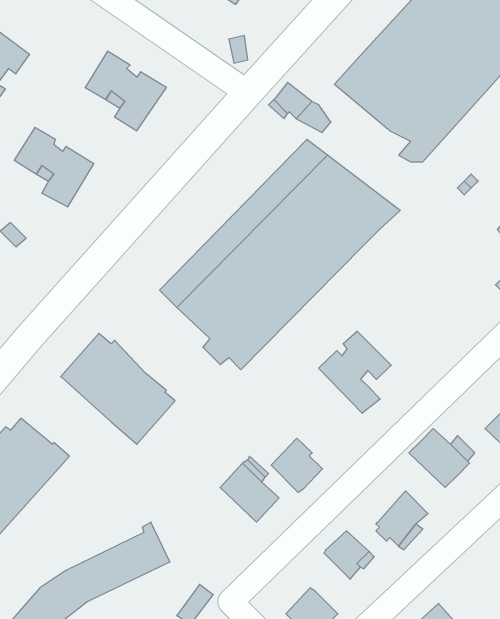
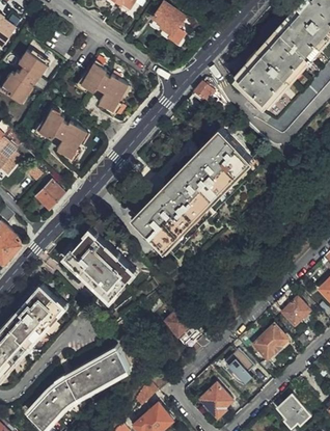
building: none -> [34,180,63,209]
building: [319,331,391,413] -> none
building: [271,438,323,492] -> none

